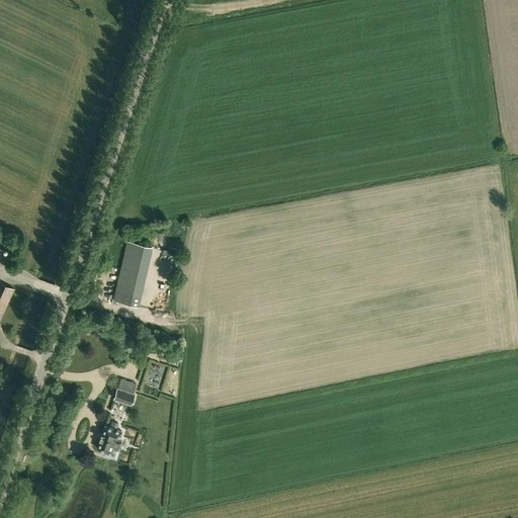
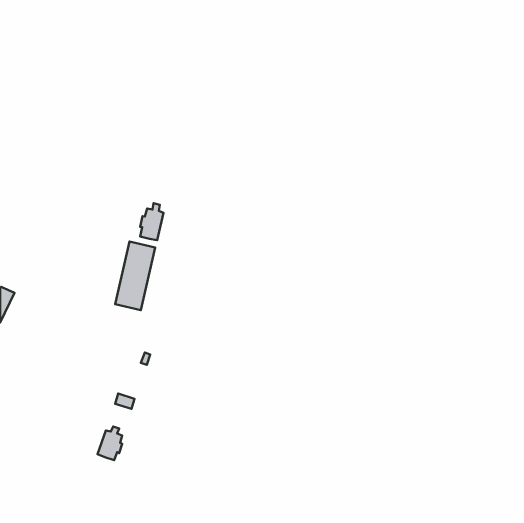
building: none -> [140,203,164,240]

